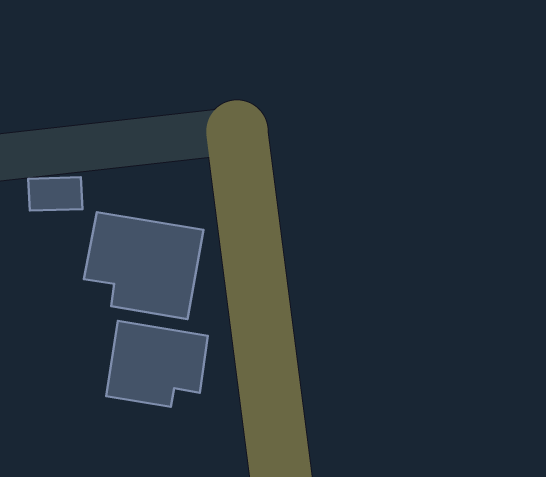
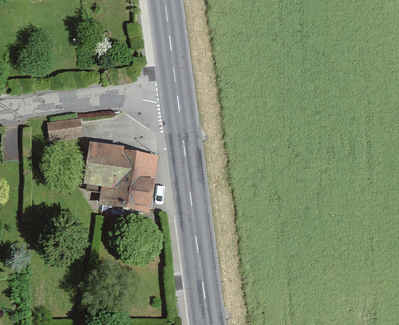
building: [106,321,208,407] -> none

